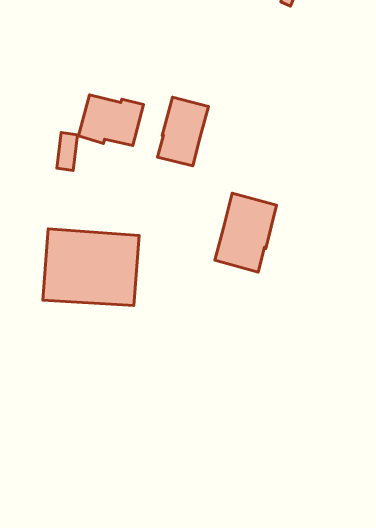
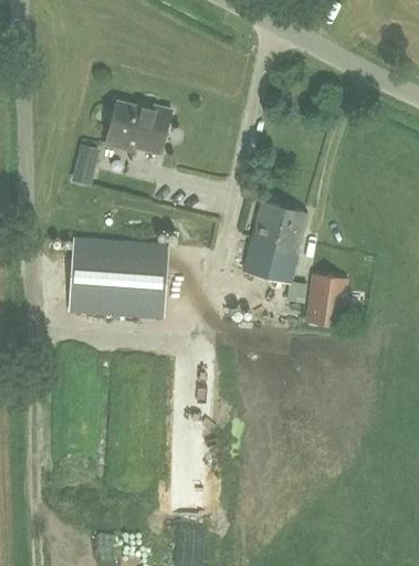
building: [158,97,208,166] -> none
building: none -> [306,276,347,325]

